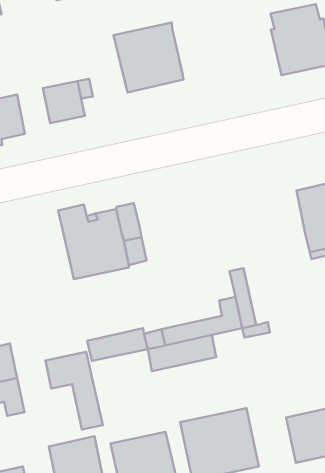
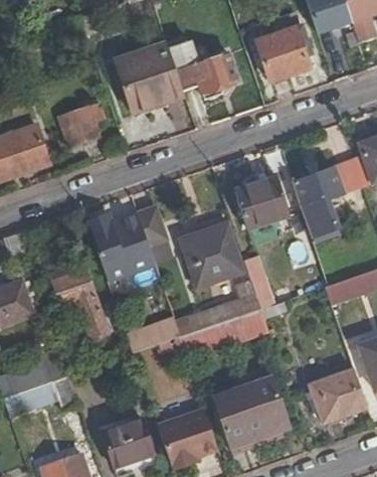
building: none -> [168,41,237,99]
building: none -> [236,177,290,230]
building: none -> [183,224,243,288]
building: [45,352,103,430] -> [50,268,108,337]

